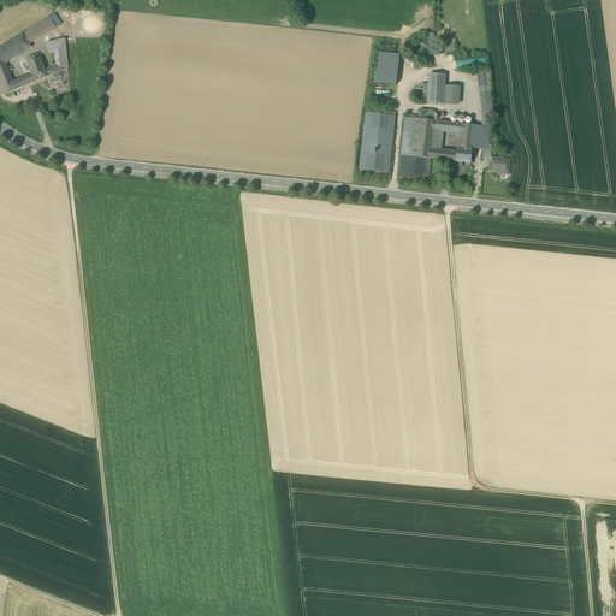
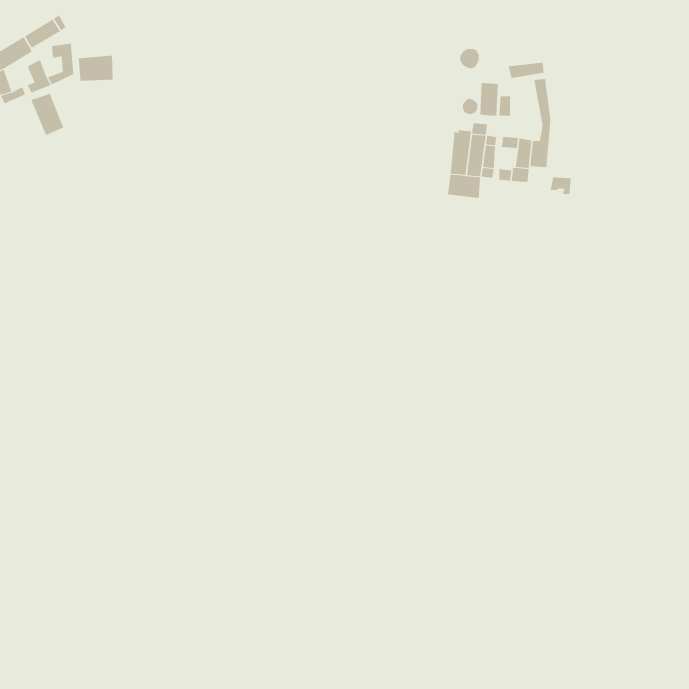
building: none -> [78,55,113,82]
building: [375,52,398,84] -> none
building: none -> [31,93,64,136]
building: [359,112,393,172] -> none

